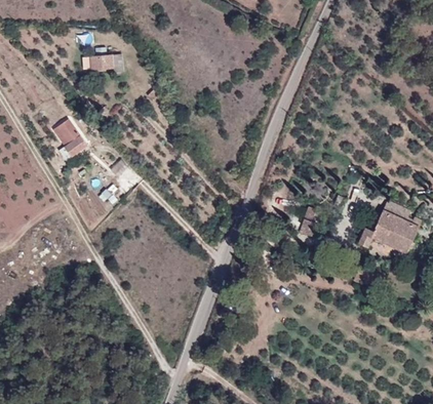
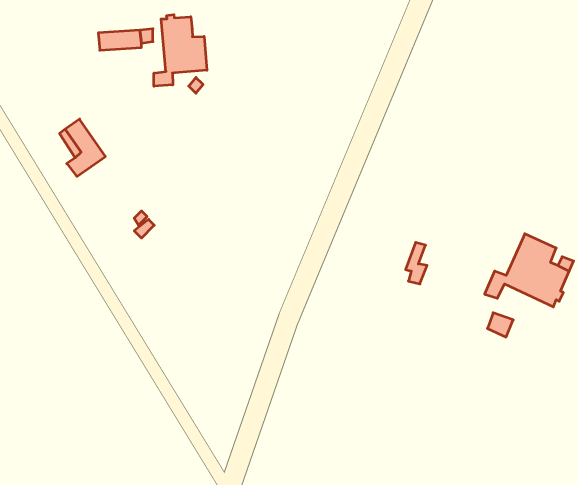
building: none -> [154,15,207,86]

